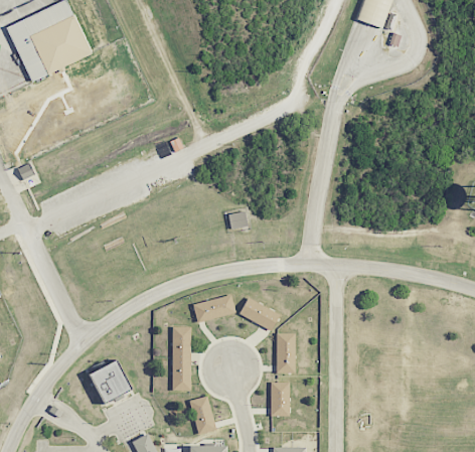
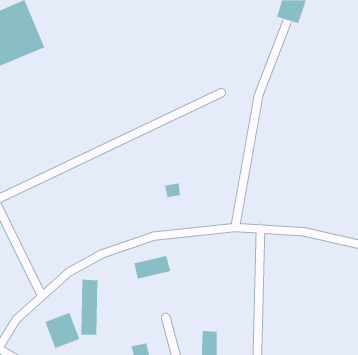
building: [240,298,280,330] -> none
building: [172,326,192,391] -> [81,279,98,335]
building: [276,333,296,373] -> none

